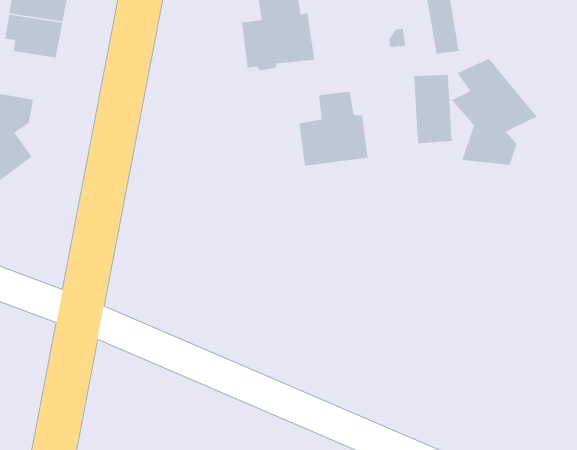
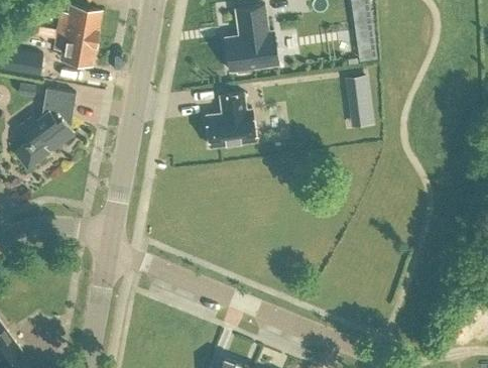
building: [451,58,538,166] -> none
building: [298,91,368,166] -> [205,94,255,148]

